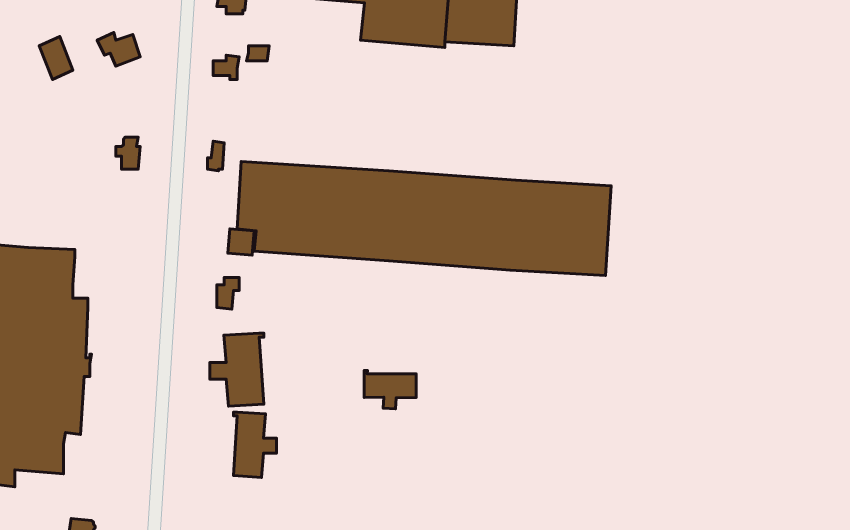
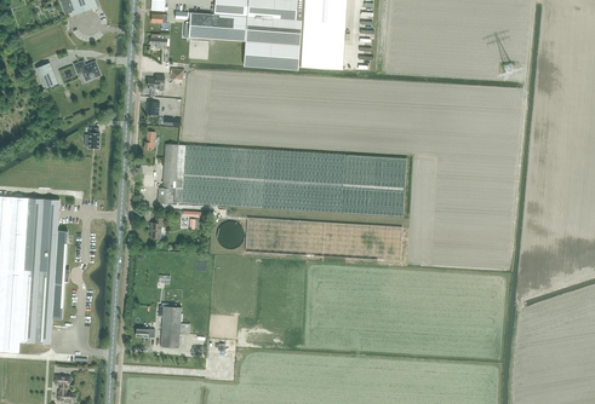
building: [210,333,264,406] -> none
building: [364,370,416,409] -> none

